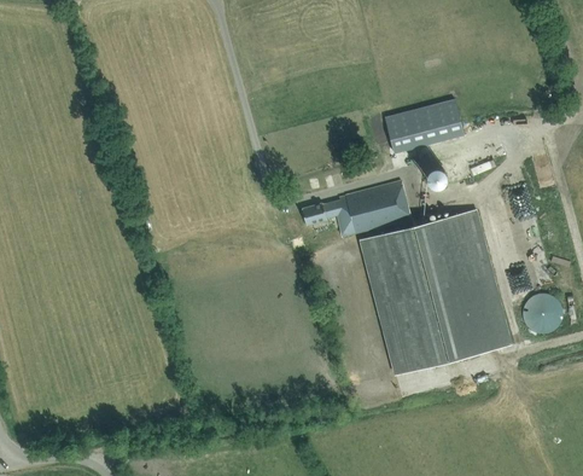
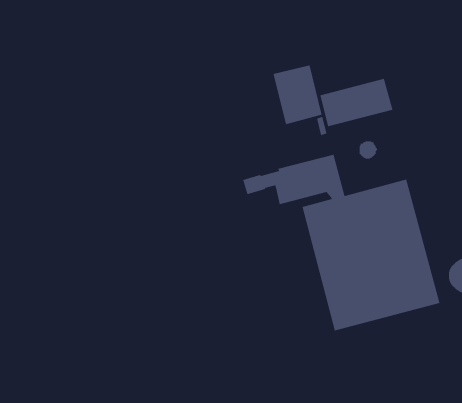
building: none -> [272,64,323,125]

